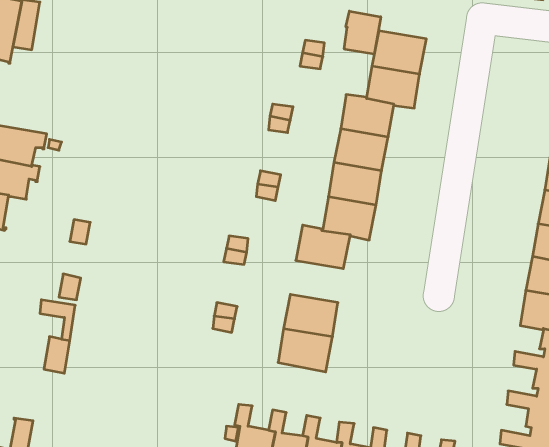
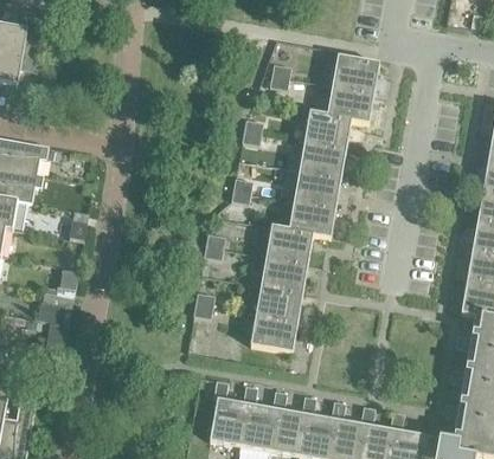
building: [344,11,381,54] -> none
building: none -> [261,254,307,291]

